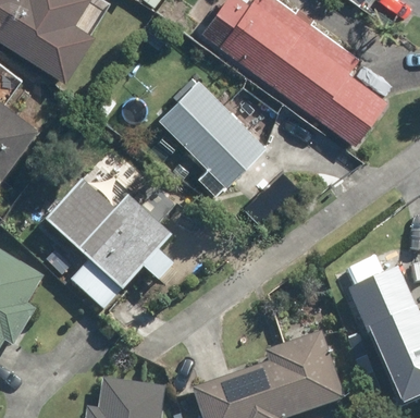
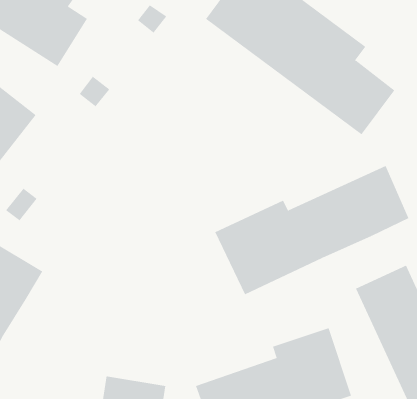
building: [161,79,267,194] -> none
building: none -> [214,165,409,295]
building: [49,184,173,310] -> none

